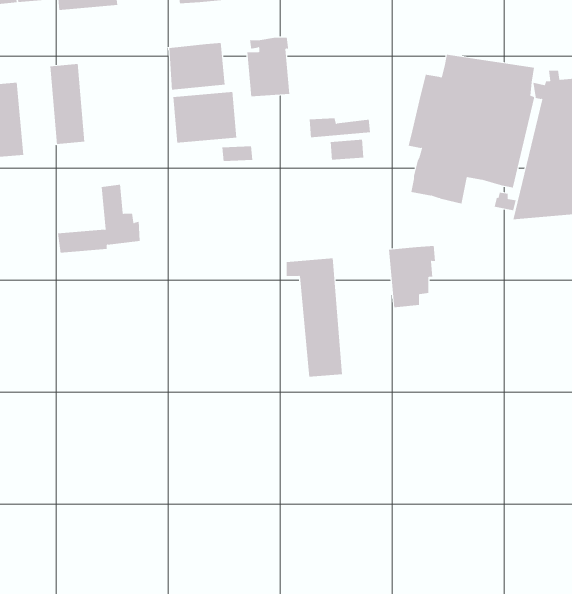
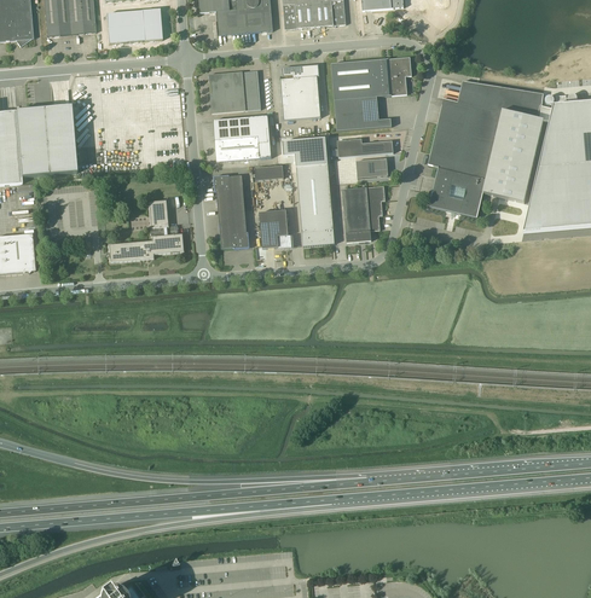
building: none -> [331,57,411,130]
building: [50,64,85,144] -> [215,175,248,249]
building: none -> [259,210,291,250]
building: [388,245,436,308] -> [342,186,386,243]
building: [286,258,343,377] -> [283,138,335,246]

